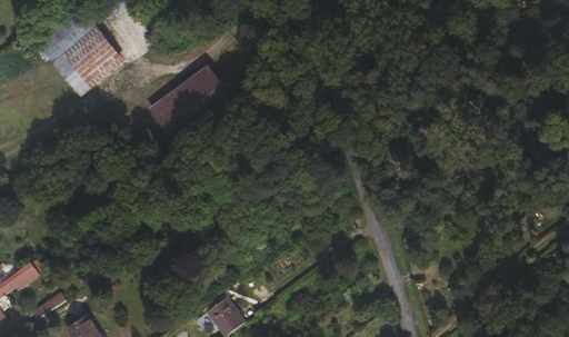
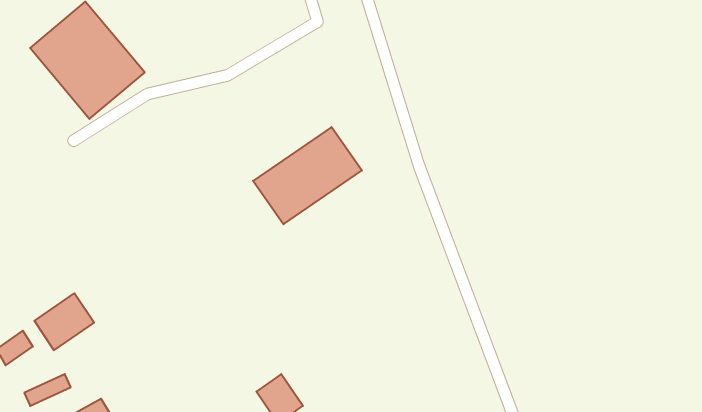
building: [147,68,230,142] -> [253,127,362,224]
building: none -> [34,293,94,350]

